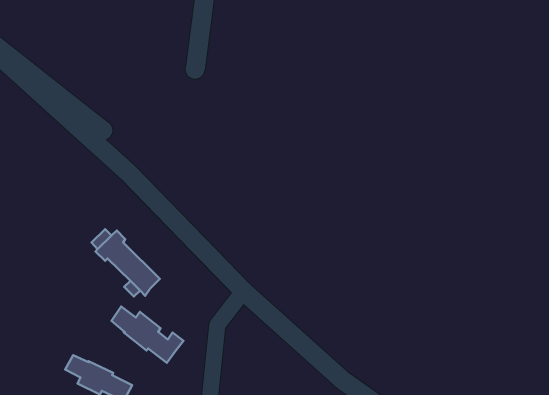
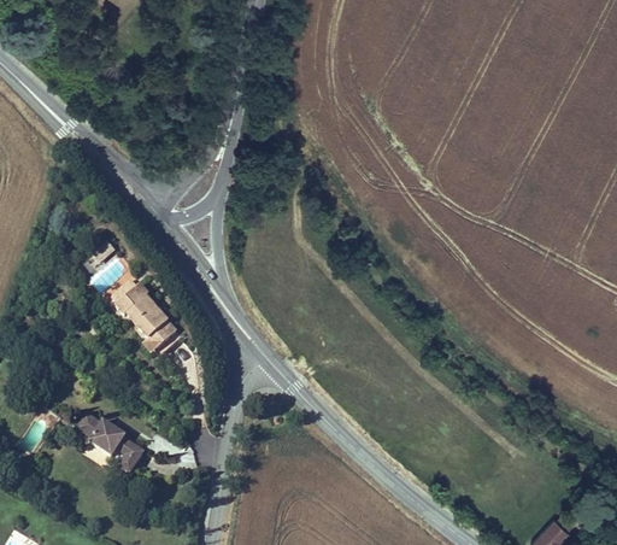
building: [111,307,184,363] -> none

